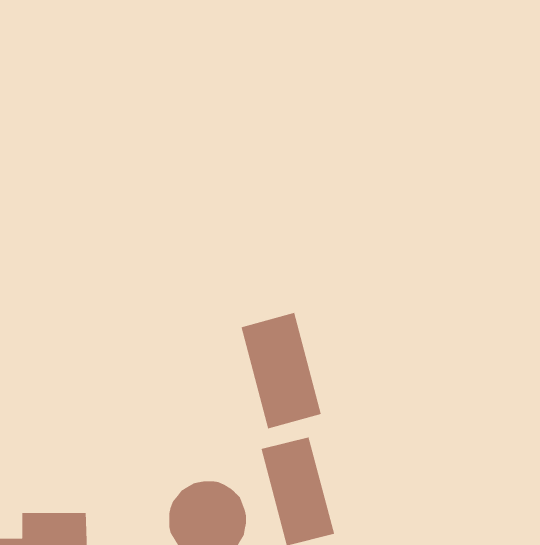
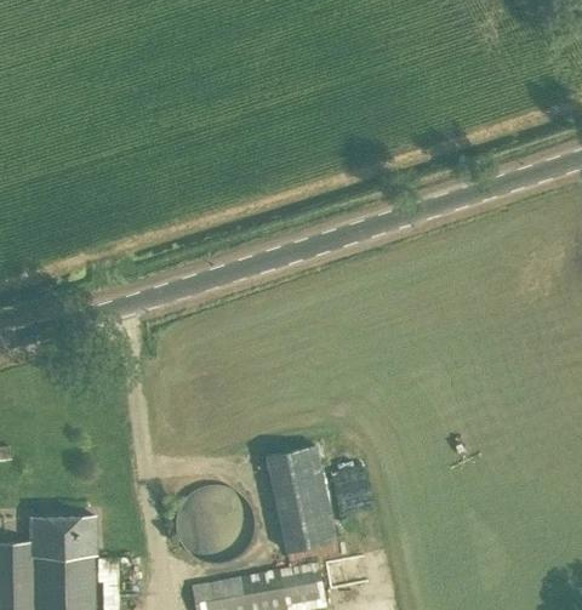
building: [240,312,322,430] -> none

